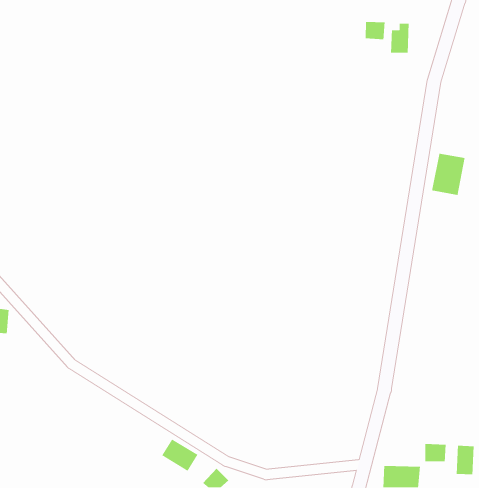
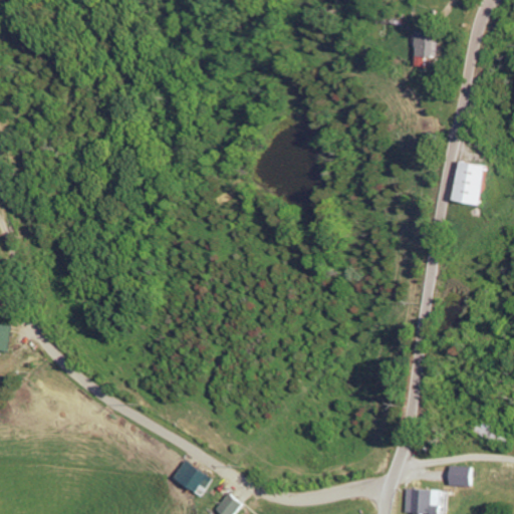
building: [365,21,385,40] -> none
building: [456,445,474,475] -> none

